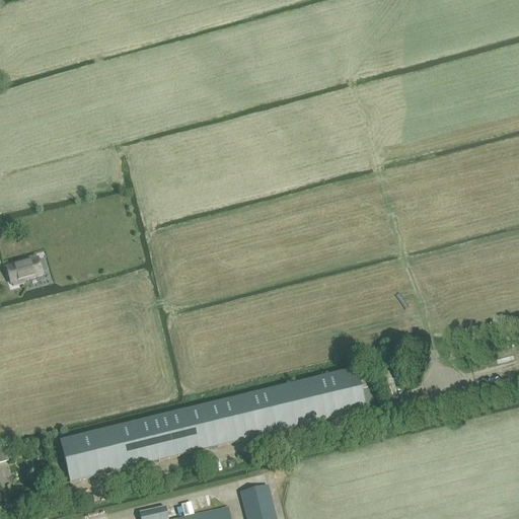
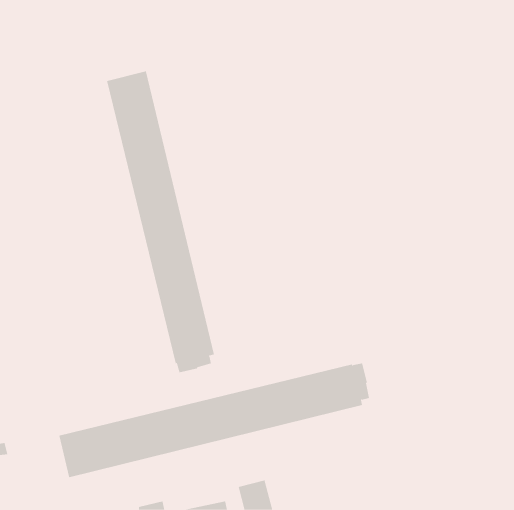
building: none -> [107,71,214,373]
building: [5,252,42,282] -> none

